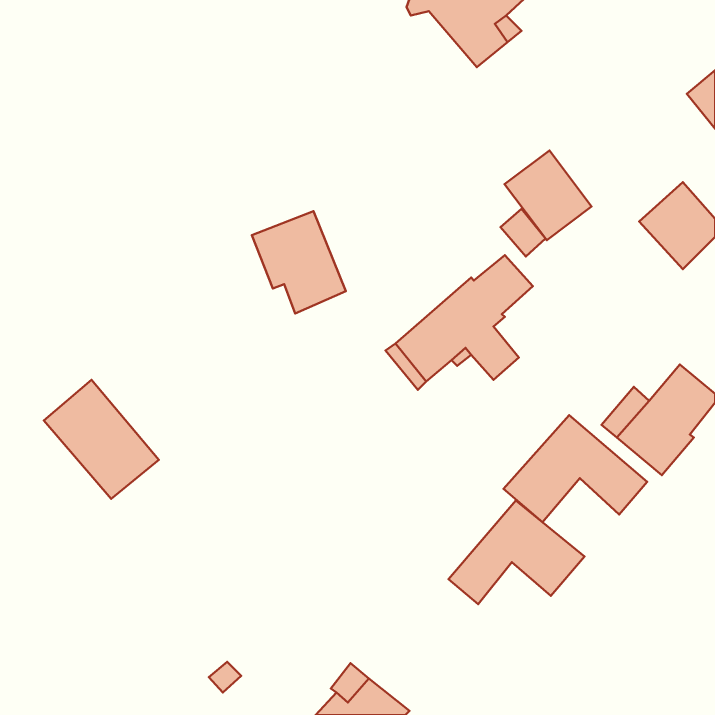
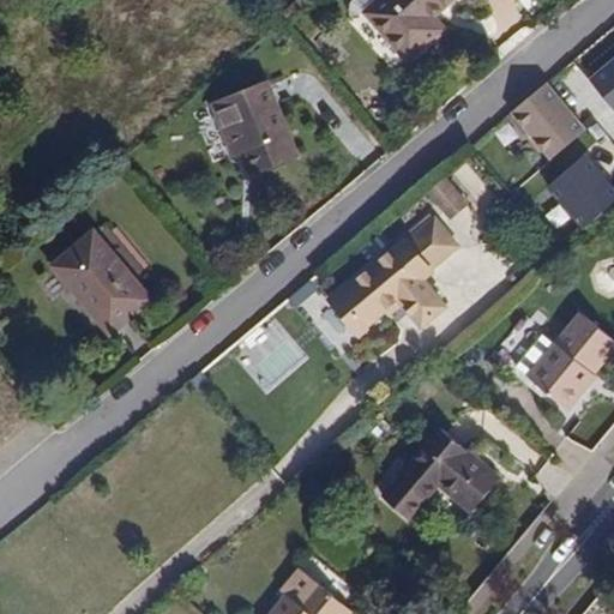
building: [505,150,592,240] -> [510,85,584,162]
building: [252,211,346,314] -> [215,83,295,170]
building: [44,380,159,499] -> [53,230,151,332]
building: [504,415,647,522] -> none

